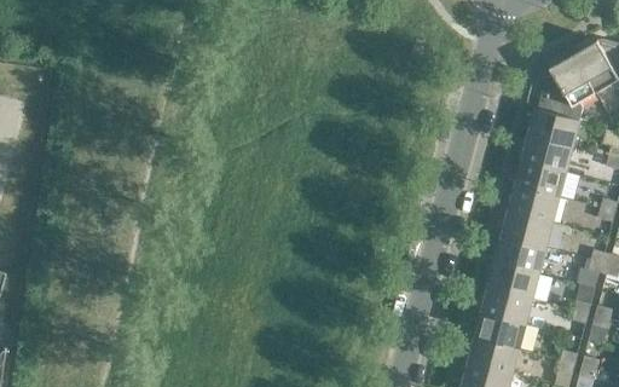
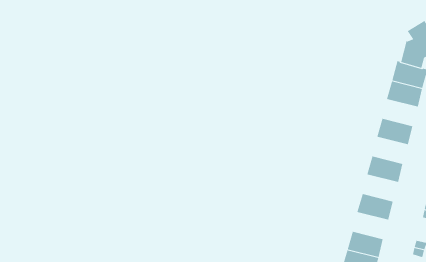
building: [517,160,567,196] -> none
building: [504,210,554,247] -> none
building: [491,261,540,298] -> none
building: [478,312,527,348] -> none

